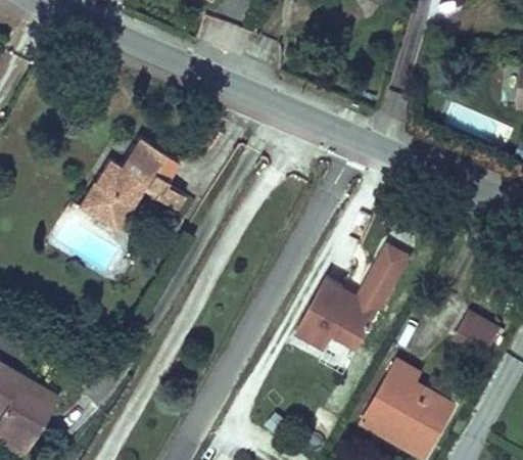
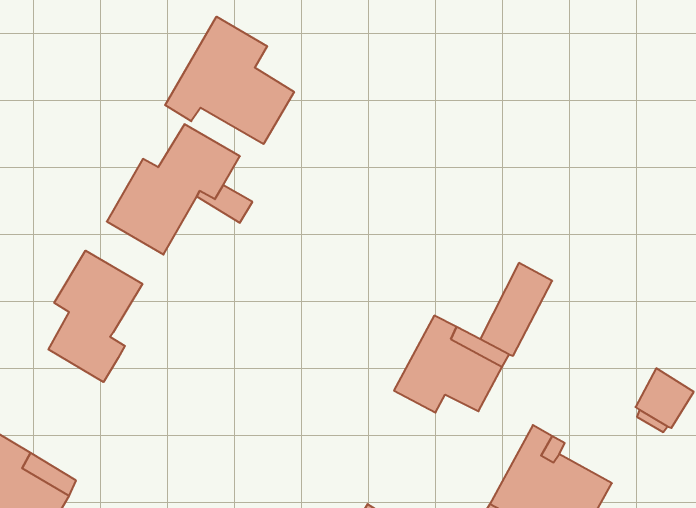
building: none -> [165,17,294,144]
building: none -> [48,251,142,382]

